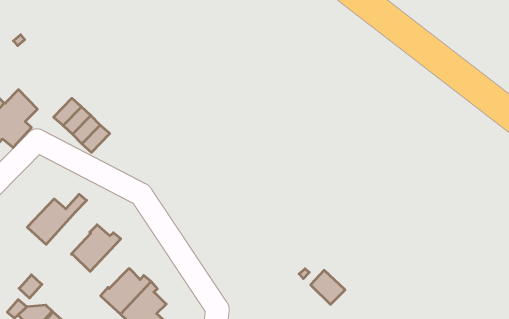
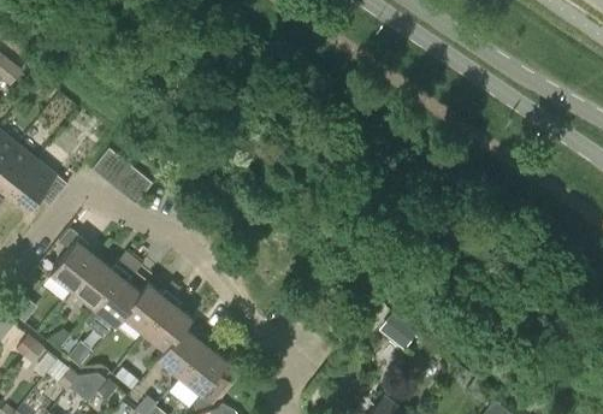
building: none -> [51,236,99,291]
building: none -> [94,258,142,333]
building: none -> [143,296,193,350]

